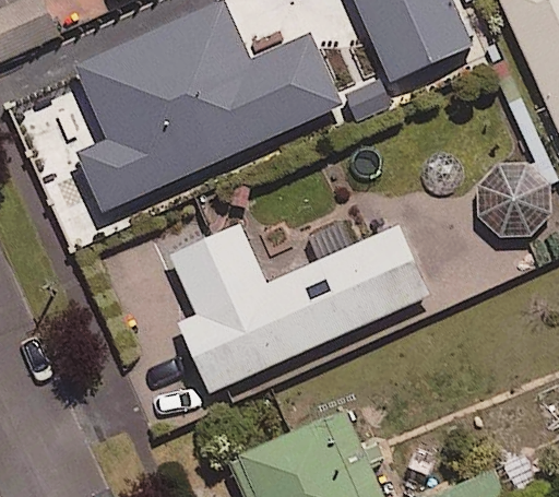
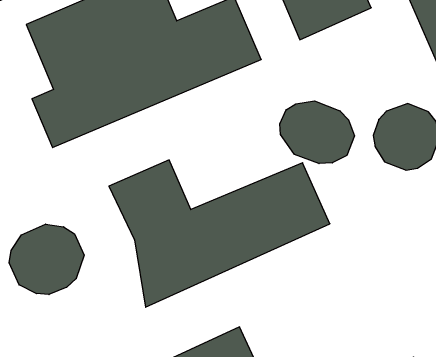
building: none -> [280,101,354,164]
building: none -> [9,224,84,295]

